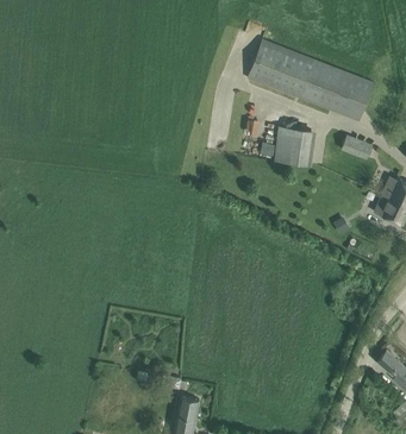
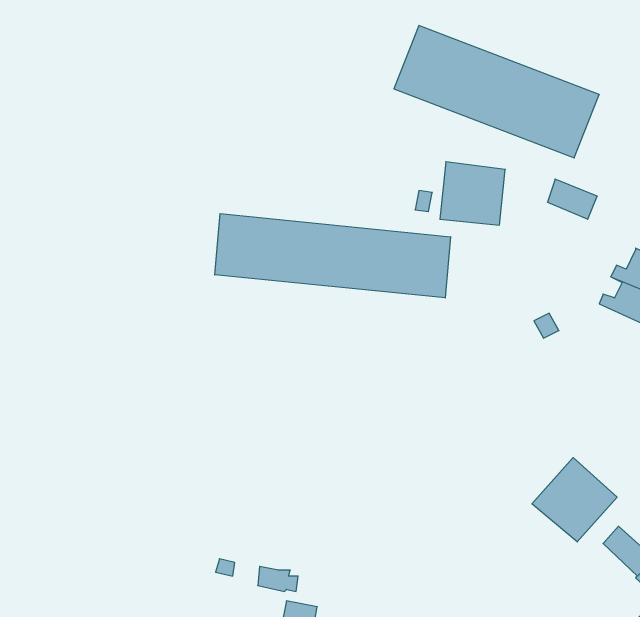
building: none -> [215,214,451,298]
building: none -> [532,458,617,542]

